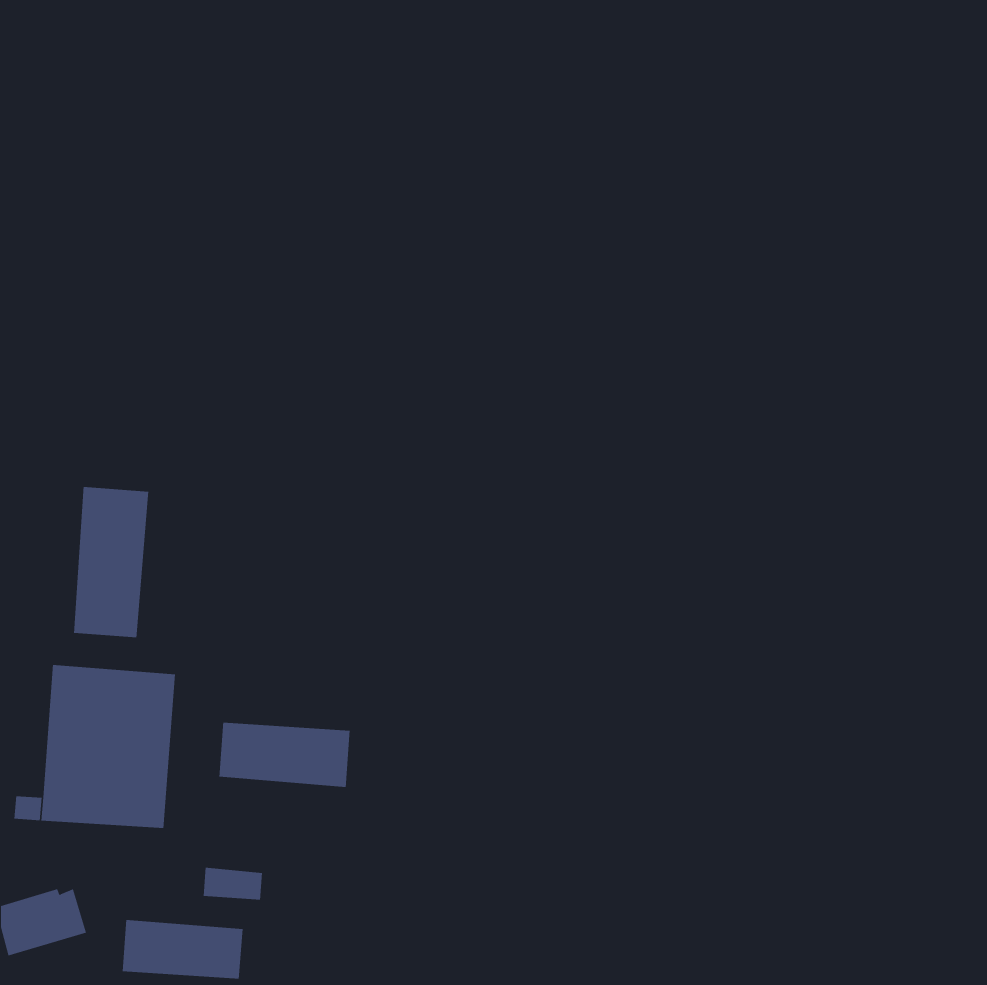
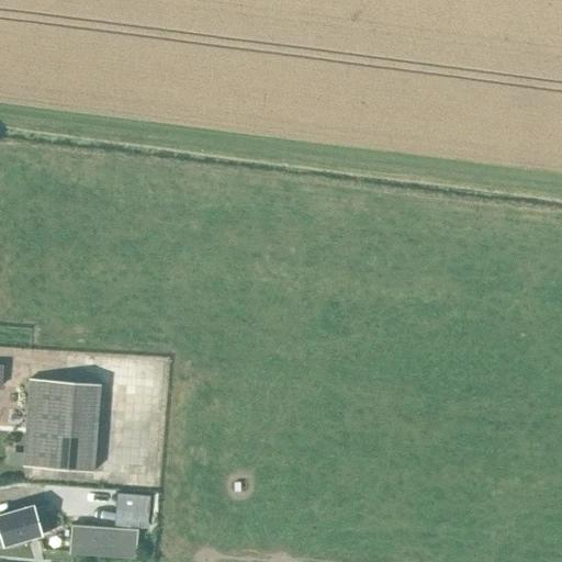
building: [73,486,149,638] -> none
building: [219,722,350,788] -> none

